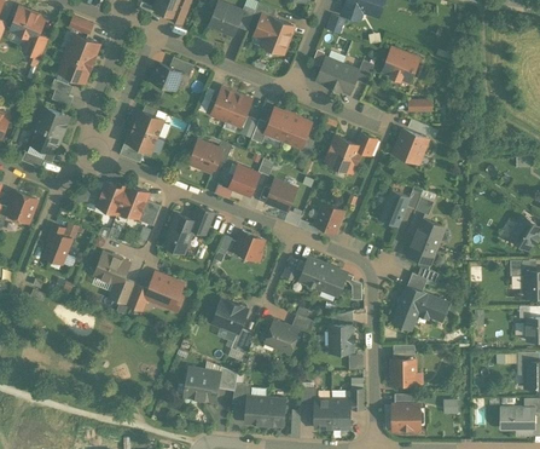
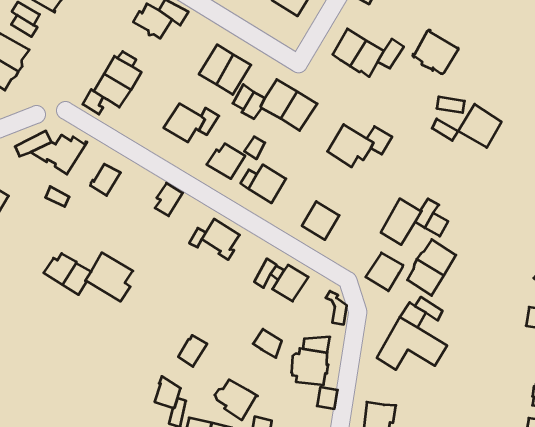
building: [393,129,426,163] -> [458,104,501,148]
building: [116,185,147,217] -> none
building: [164,214,196,253] -> none
building: [94,253,129,286] -> none
building: [317,266,346,297] -> [366,253,403,291]
building: [211,300,246,333] -> none
building: [263,322,298,353] -> [215,380,258,420]
building: [185,368,220,401] -> none

